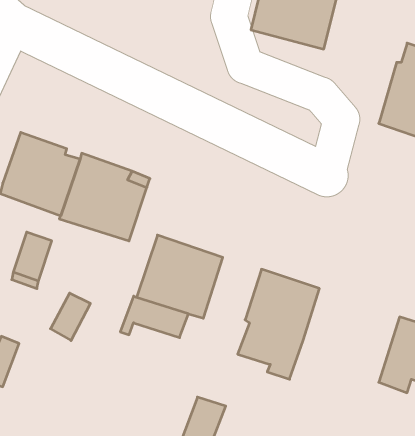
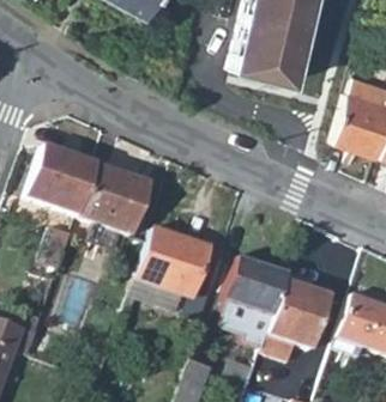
building: none -> [263,273,332,359]

